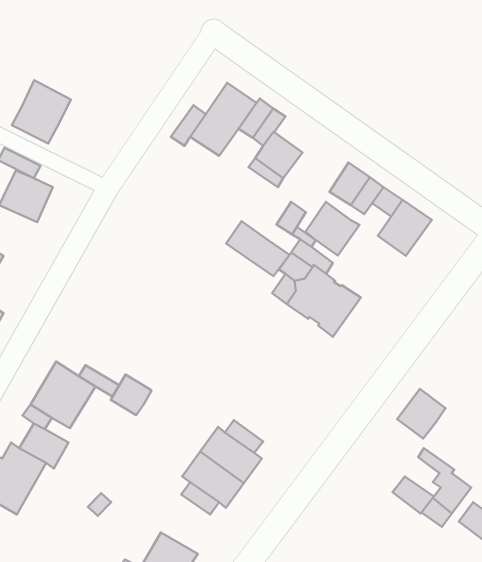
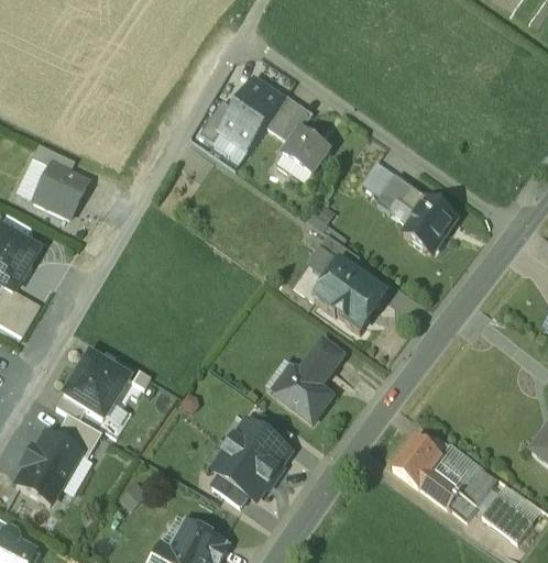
building: [12,80,71,143] -> none
building: [305,202,359,256] -> none
building: [226,221,289,276] -> none
building: none -> [274,338,342,421]
building: [111,374,151,415] -> none
building: [397,389,446,438] -> [392,433,439,482]

